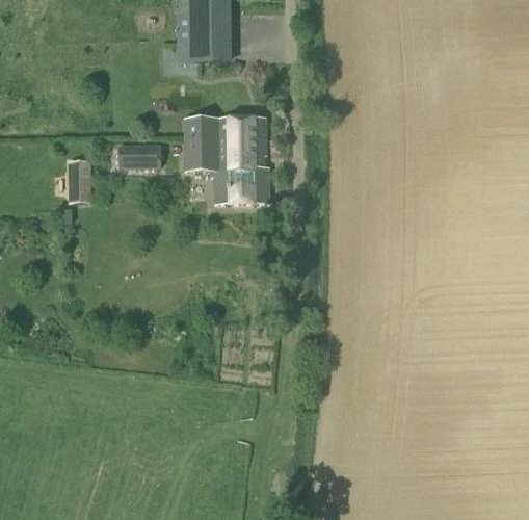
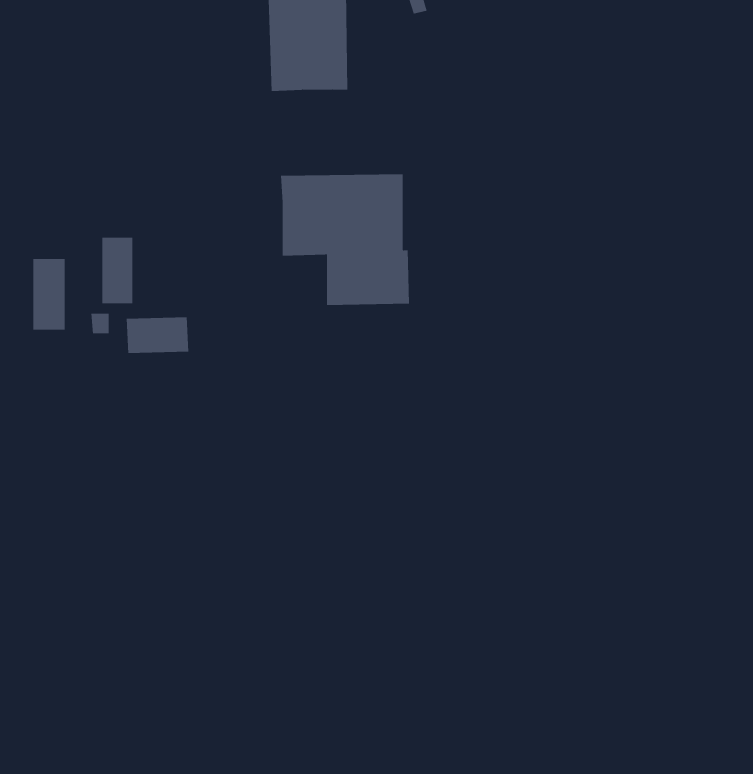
building: [120,144,161,167] -> [126,317,189,353]
building: none -> [33,258,65,330]

